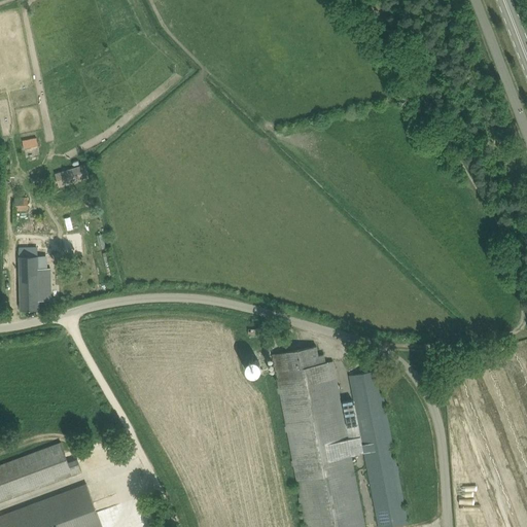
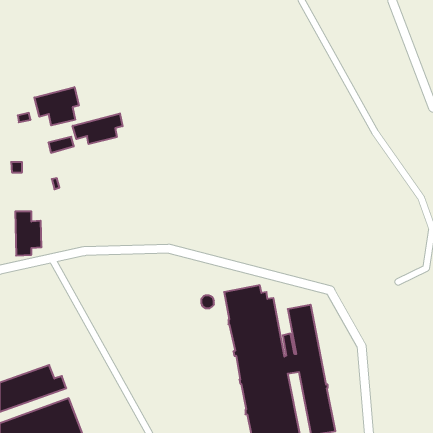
building: none -> [34,87,79,125]
building: none -> [73,113,123,144]

